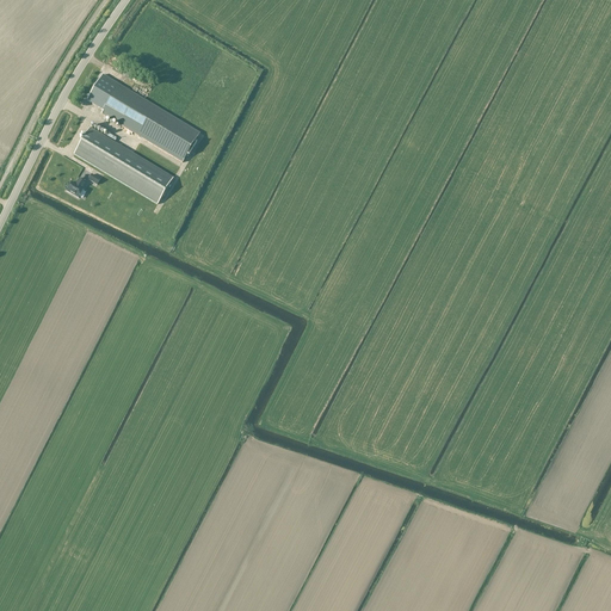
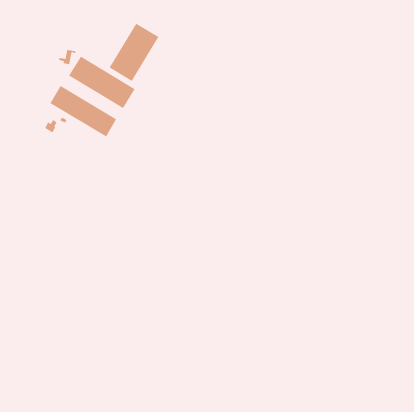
building: none -> [109,23,159,82]

